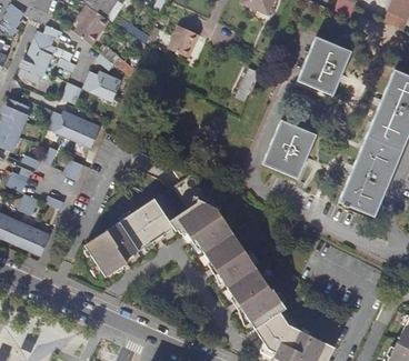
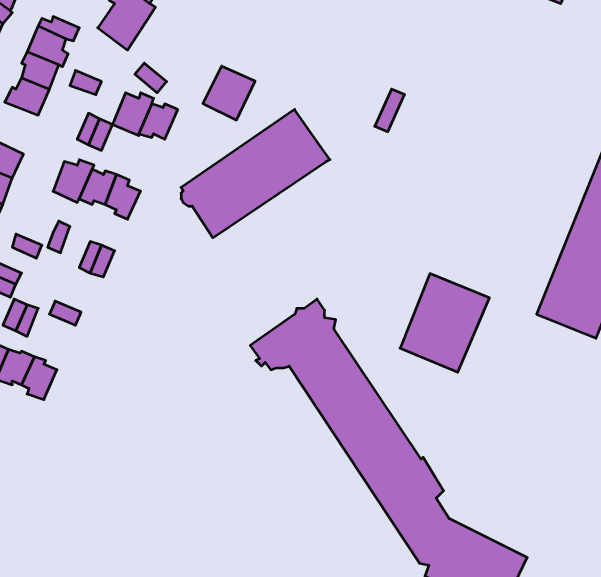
building: [169,26,200,58] -> [203,66,255,120]
building: [296,38,347,96] -> none
building: [260,120,313,179] -> [400,274,489,372]
building: [82,199,171,275] -> [181,109,330,238]

